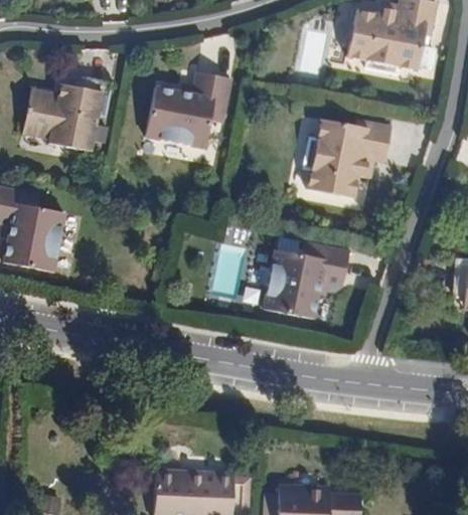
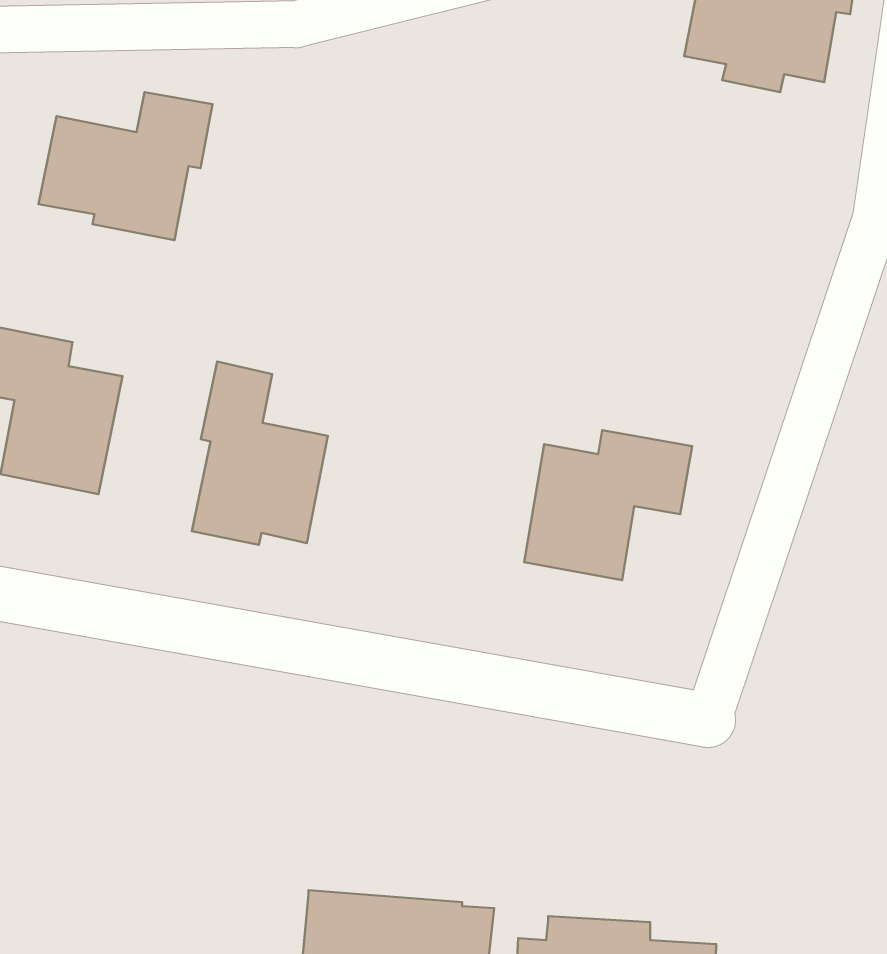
building: [145,66,231,143] -> none
building: [305,119,391,197] -> none
building: none -> [192,362,328,545]

